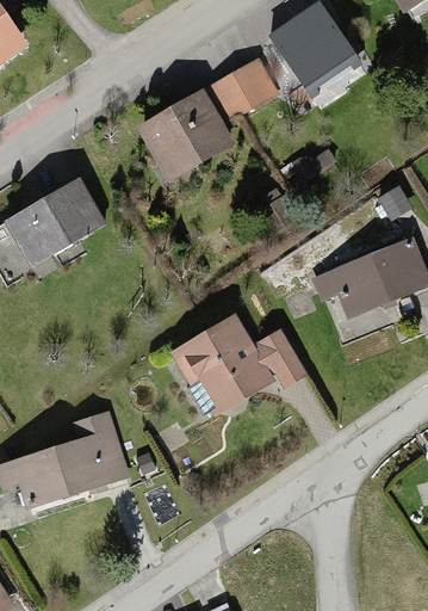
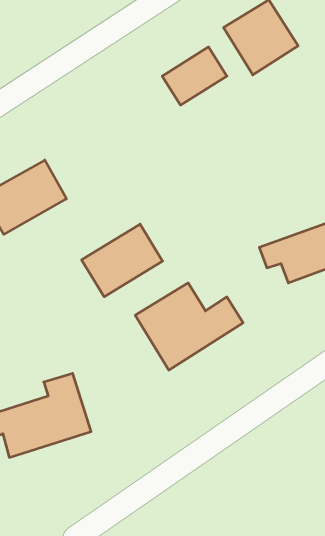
building: [141,93,231,180] -> none
building: none -> [82,224,163,297]

